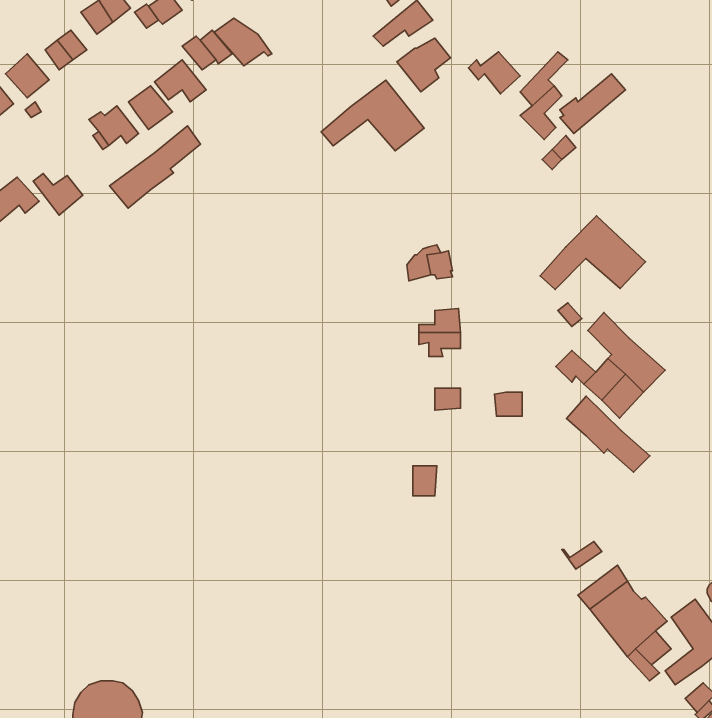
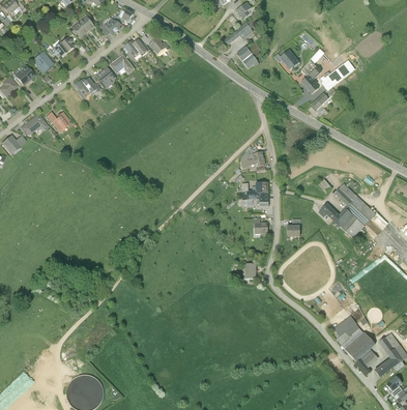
building: [321,80,424,151] -> none
building: [110,126,200,208] -> none
building: [540,216,645,290] -> none
building: [566,396,650,472] -> none

